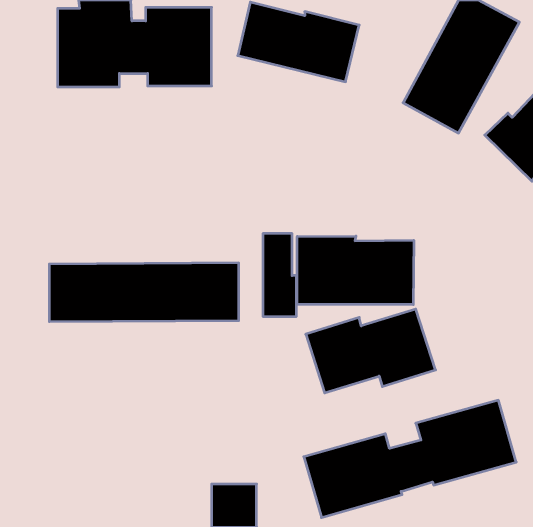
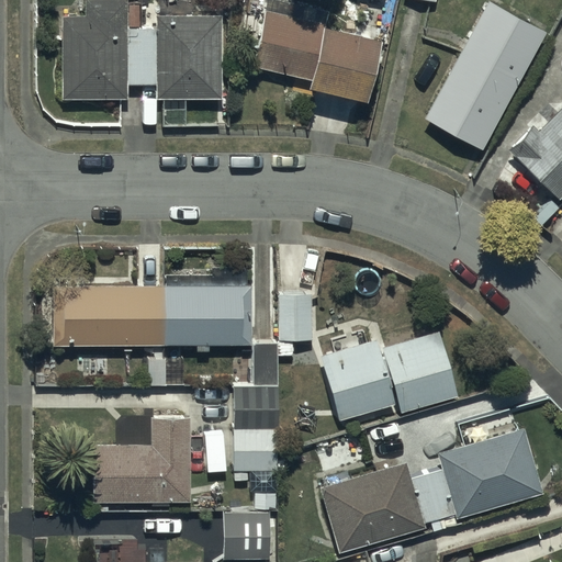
building: [297,236,414,305] -> none
building: none -> [234,386,279,472]
building: none -> [94,418,191,501]

